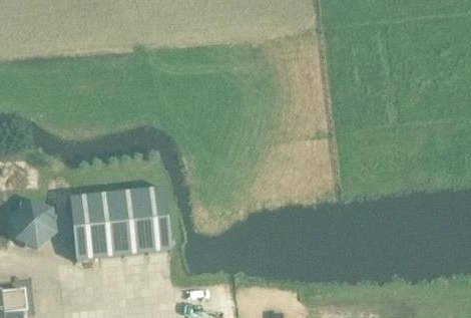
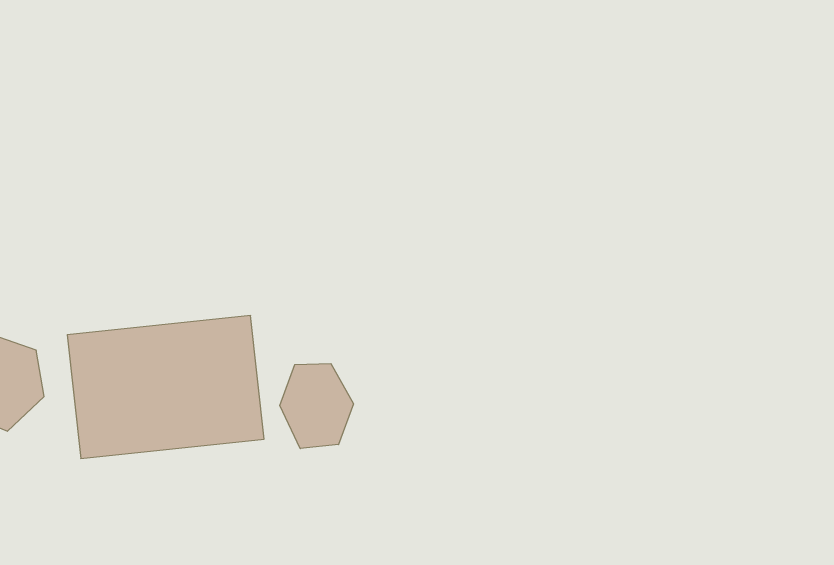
building: none -> [280,364,354,449]

